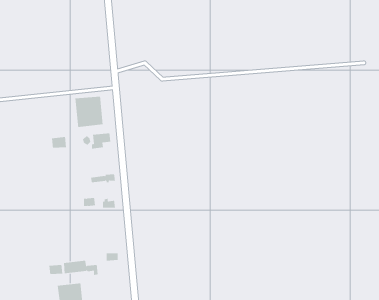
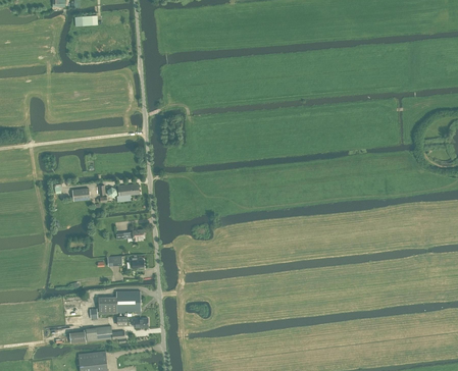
building: [75,96,103,128] -> none
building: none -> [98,290,140,314]

